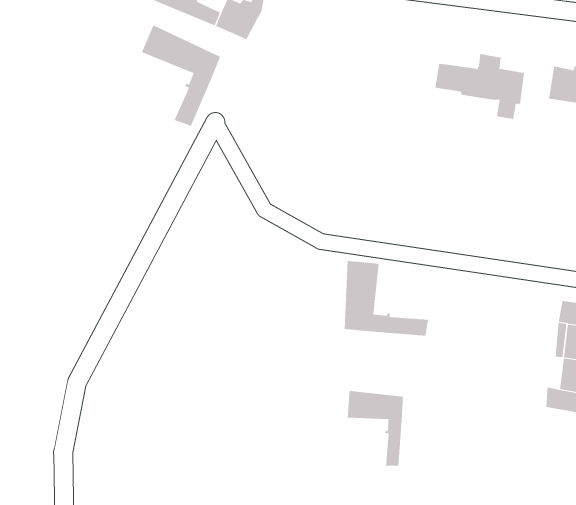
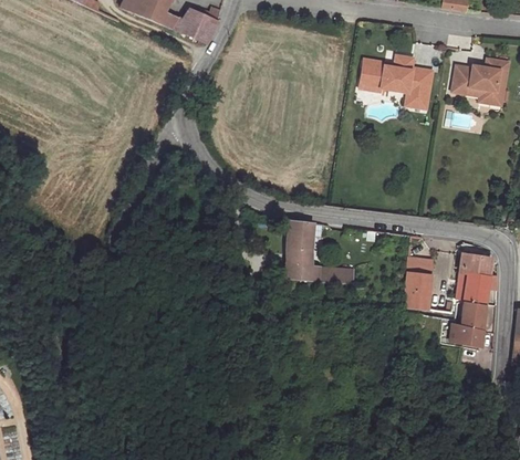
building: [141,25,221,126] -> none
building: none -> [404,258,431,307]
building: [347,390,403,467] -> none

